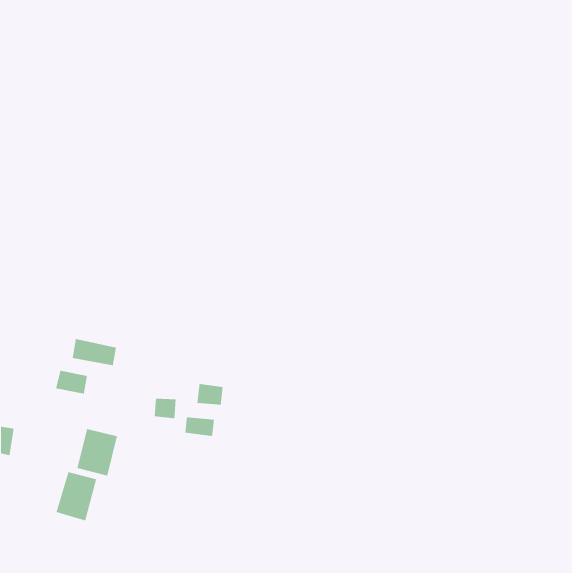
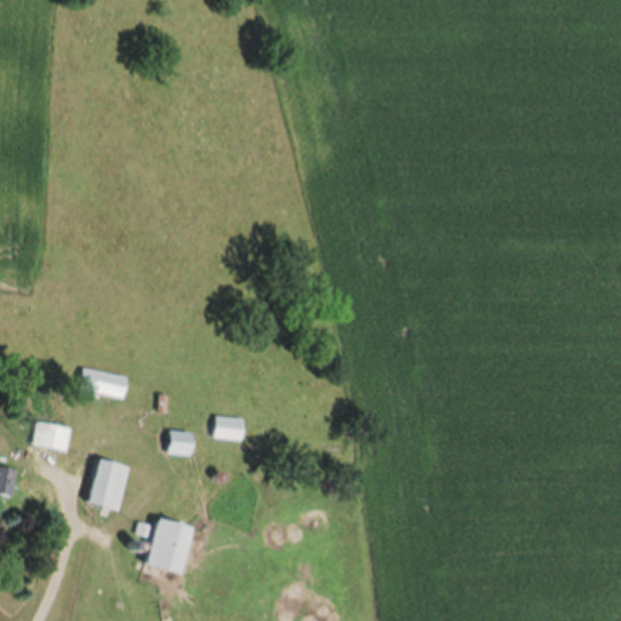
building: [55,370,88,395] -> [33,425,68,451]
building: [184,417,215,437] -> none
building: [55,471,97,522] -> [144,523,189,577]

